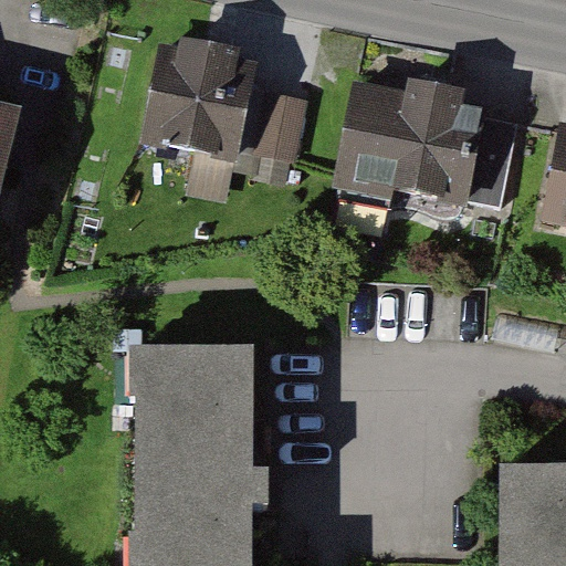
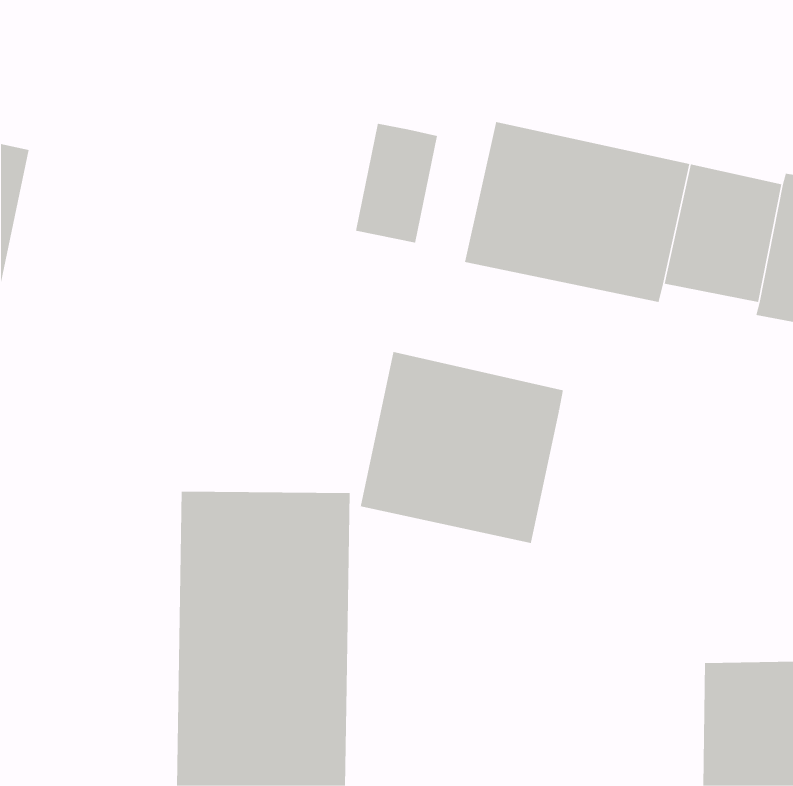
building: [144,31,264,157] -> none
building: none -> [360,351,563,544]

